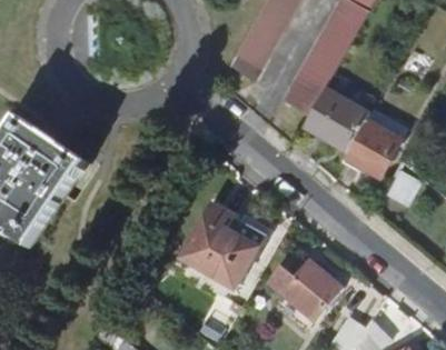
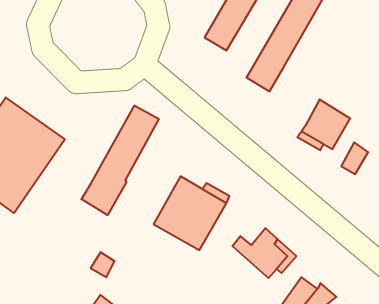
building: [305,84,371,149] -> none
building: none -> [81,105,159,215]

